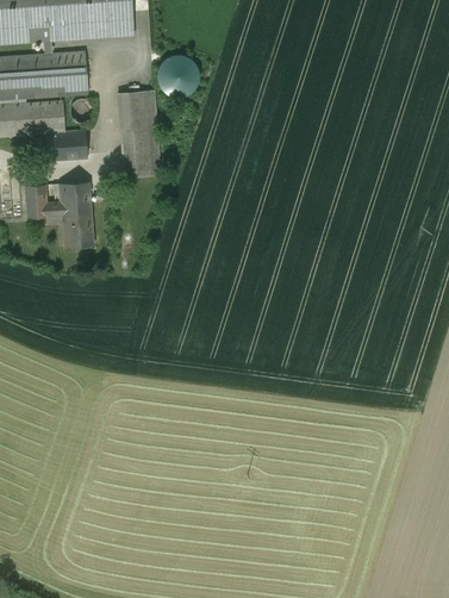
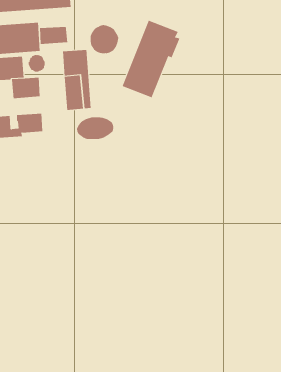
building: none -> [122,20,180,98]
building: none -> [39,26,68,45]
building: none -> [76,117,114,140]
building: [61,207,93,247] -> none

